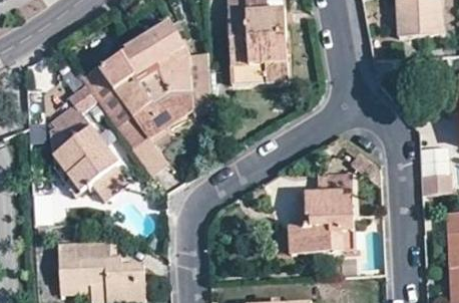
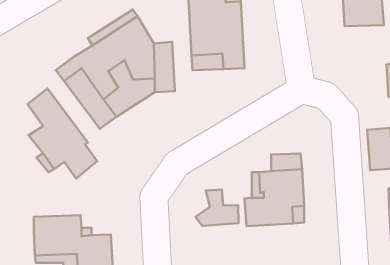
building: none -> [196,190,238,226]

